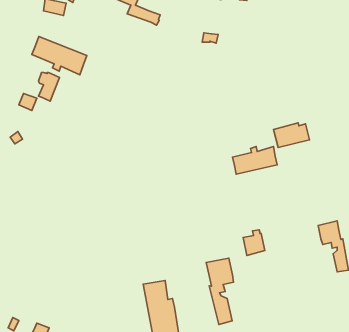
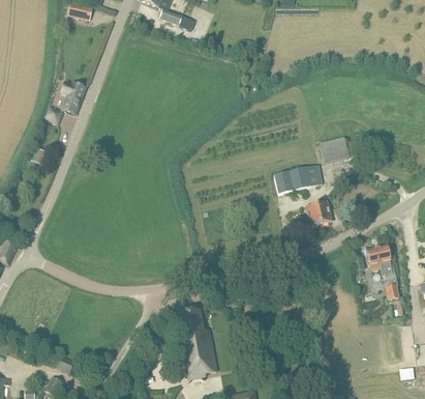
building: [32,36,87,75] -> none
building: [243,230,265,255] -> [307,197,331,225]
building: [206,258,233,325] -> none

